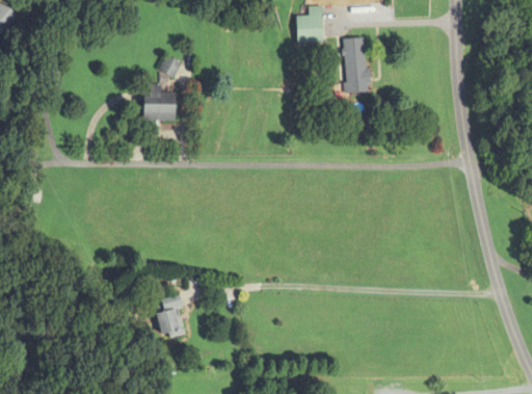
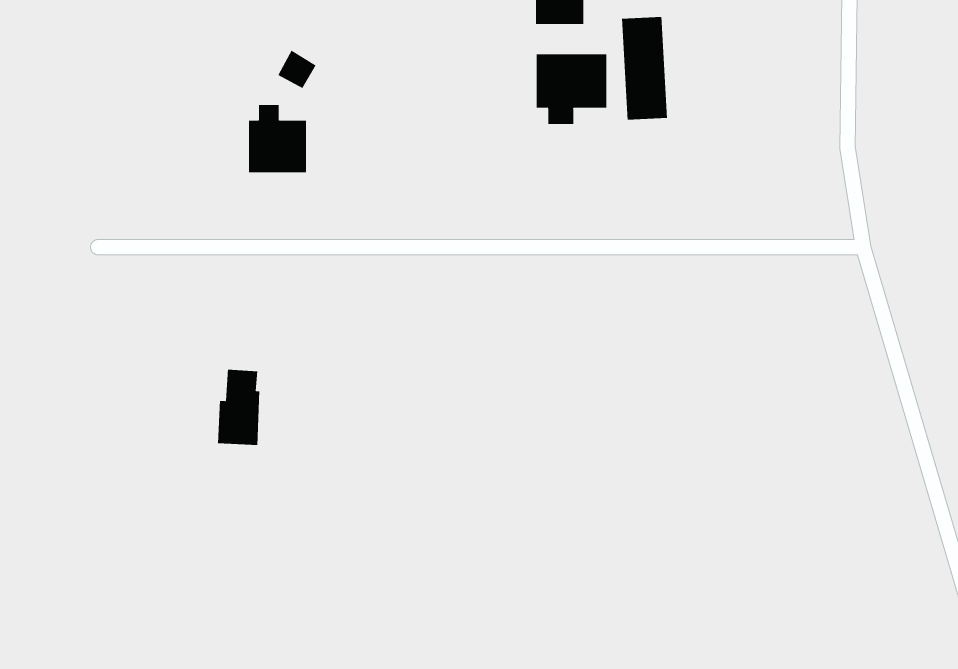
building: none -> [536,54,607,125]
building: [159,295,182,336] -> [217,369,260,445]

